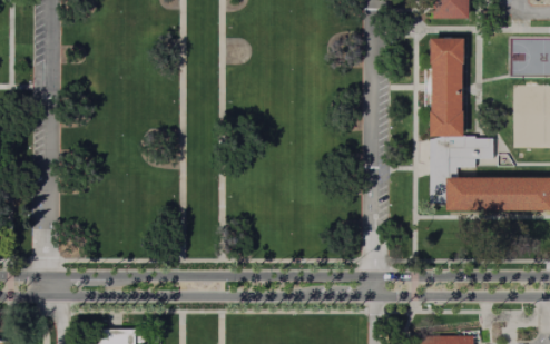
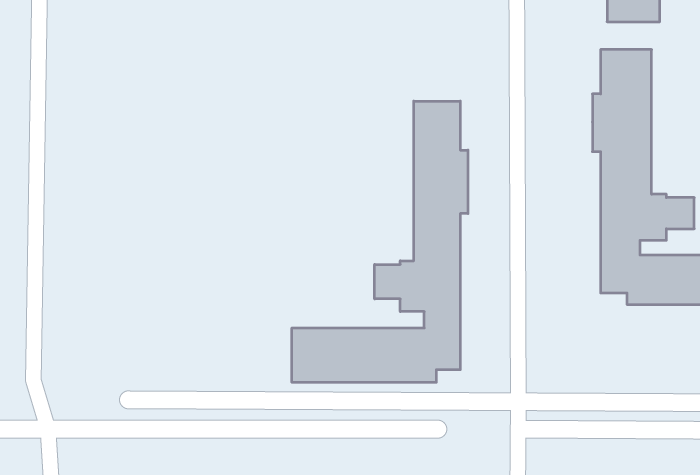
building: none -> [292,101,468,382]

